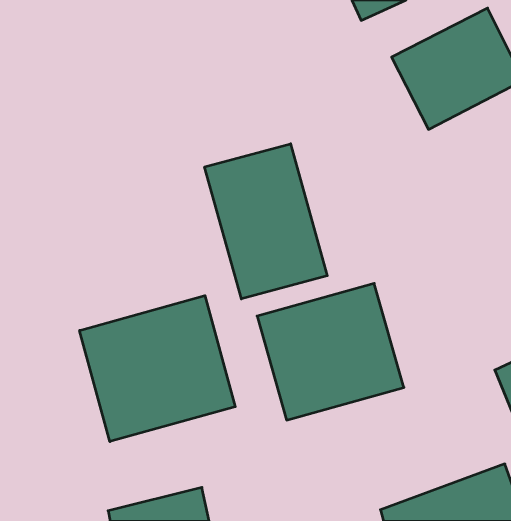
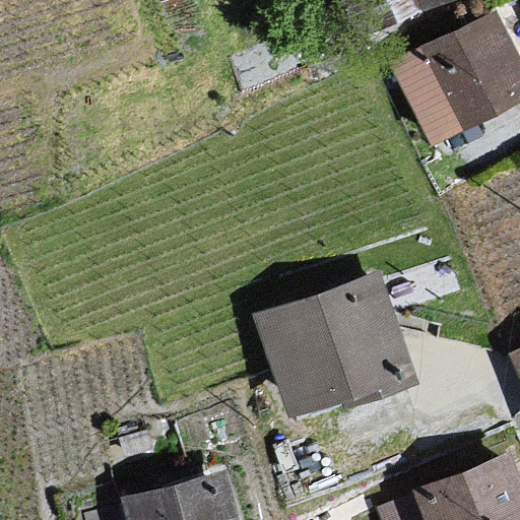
building: [205,144,327,299] -> none
building: [80,296,235,442] -> none

